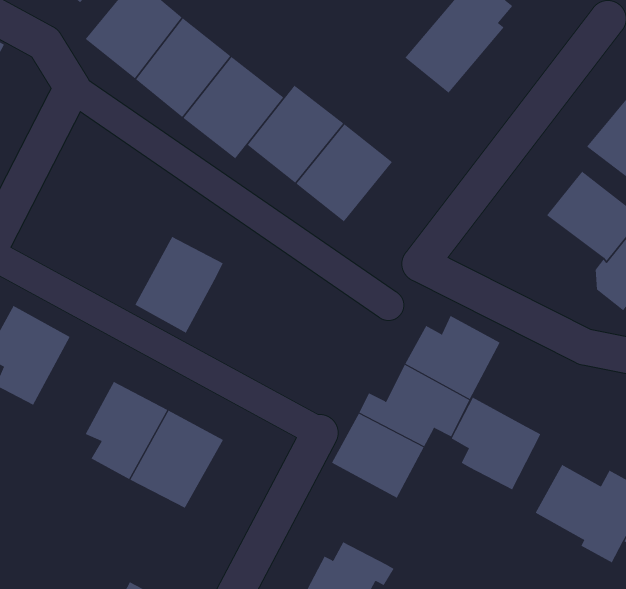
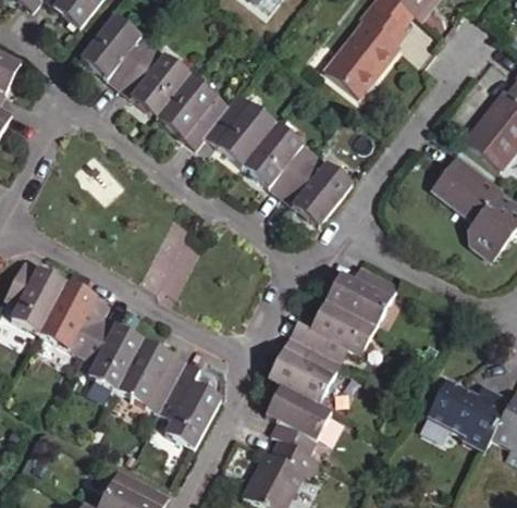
building: none -> [279,150,355,227]
building: [135,236,223,333] -> [42,283,110,357]
building: [451,397,541,490] -> [264,385,333,456]
building: none -> [158,361,221,447]

